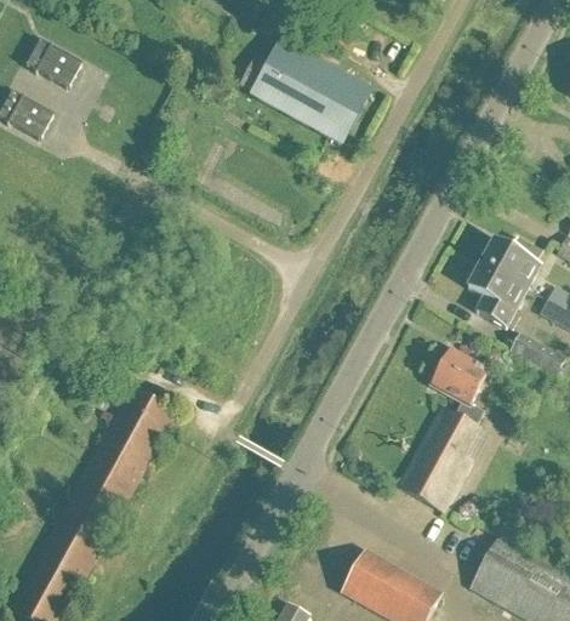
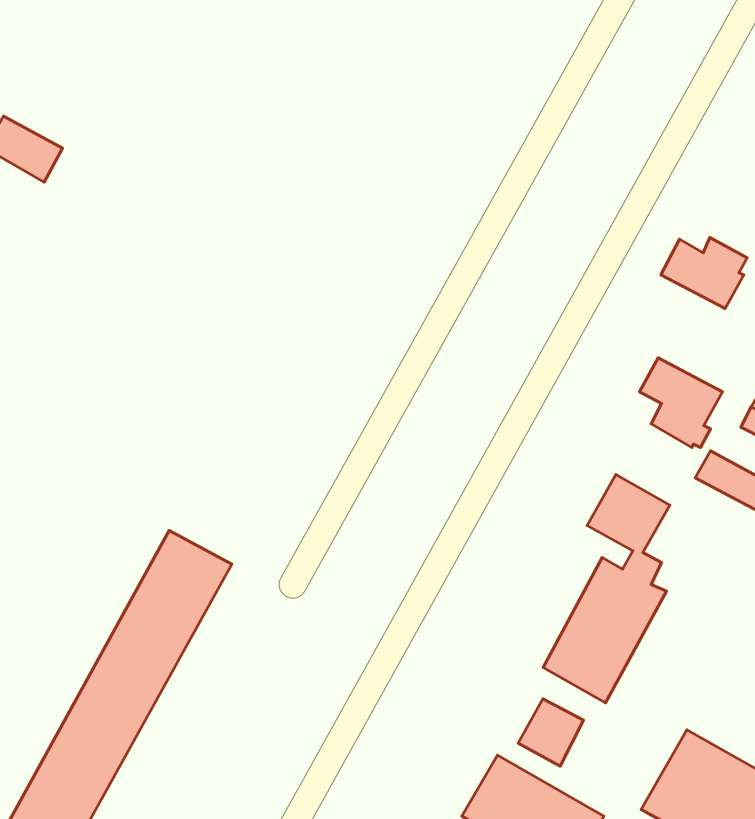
building: [25,39,80,87] -> none
building: [235,41,370,144] -> none
building: [480,238,542,289] -> [661,237,747,309]
building: none -> [518,699,584,766]

